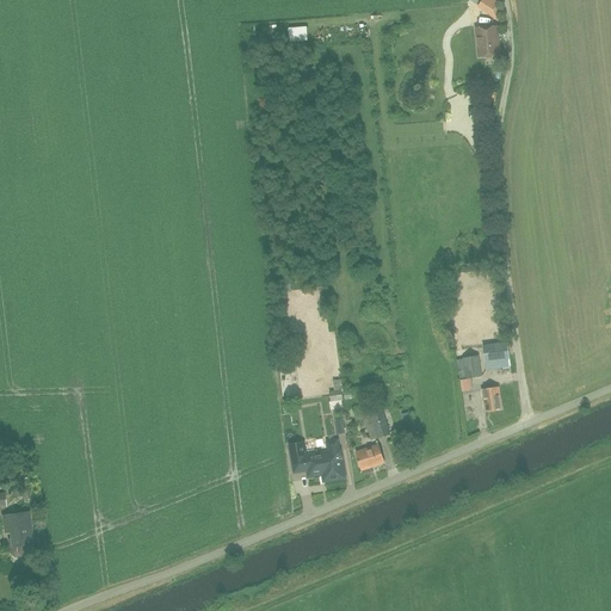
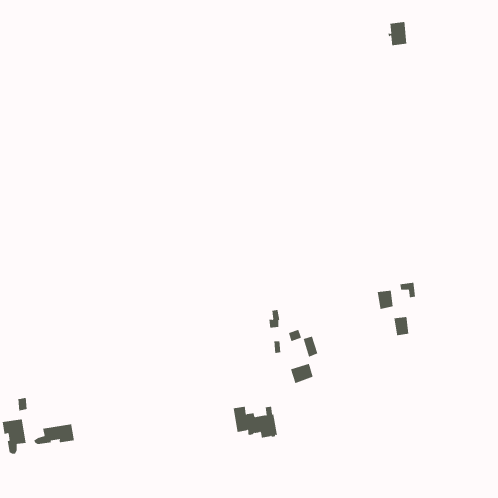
building: [289,440,344,480] -> [233,406,278,438]
building: none -> [34,424,75,445]

